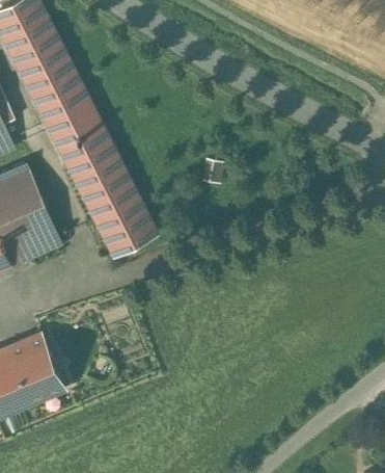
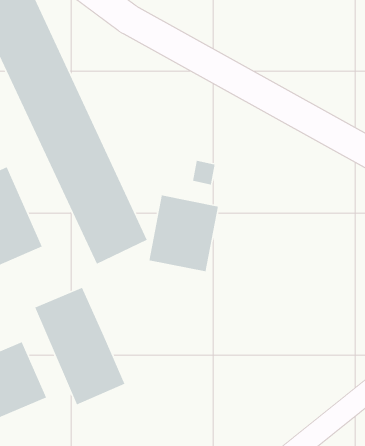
building: none -> [148,195,219,272]
building: none -> [34,287,126,405]

